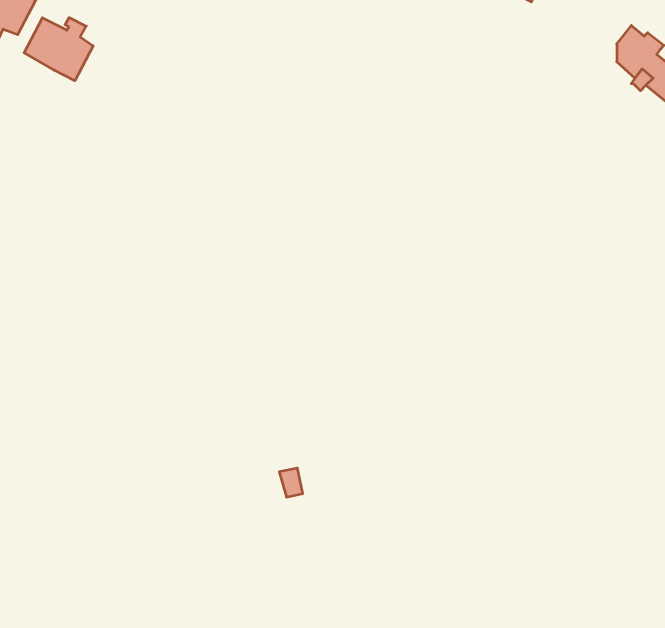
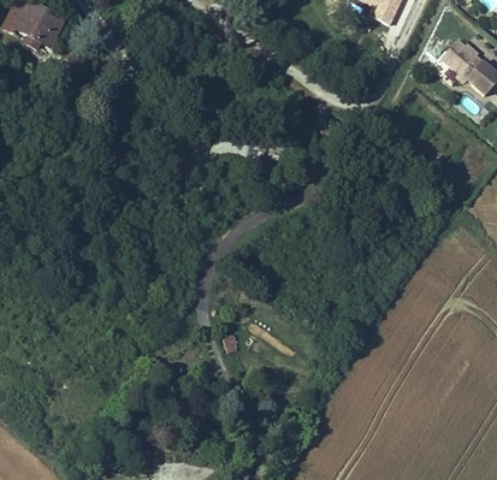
building: [24,18,93,81] -> none

